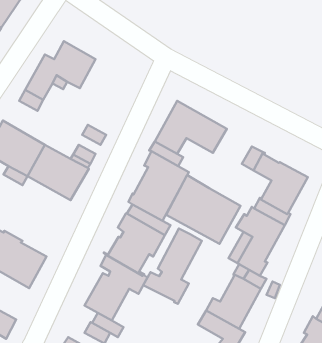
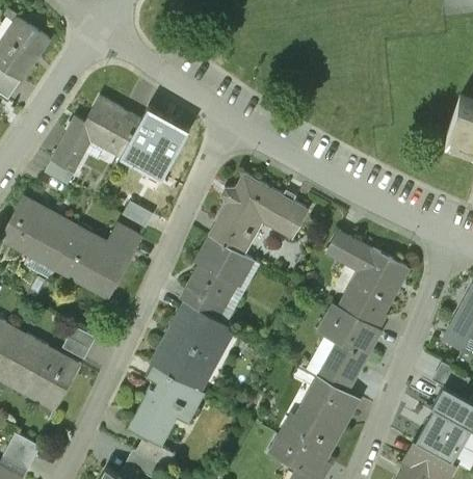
building: none -> [121,119,183,179]
building: [166,176,241,244] -> none
building: none -> [60,325,95,360]
building: [143,228,202,304] -> none

